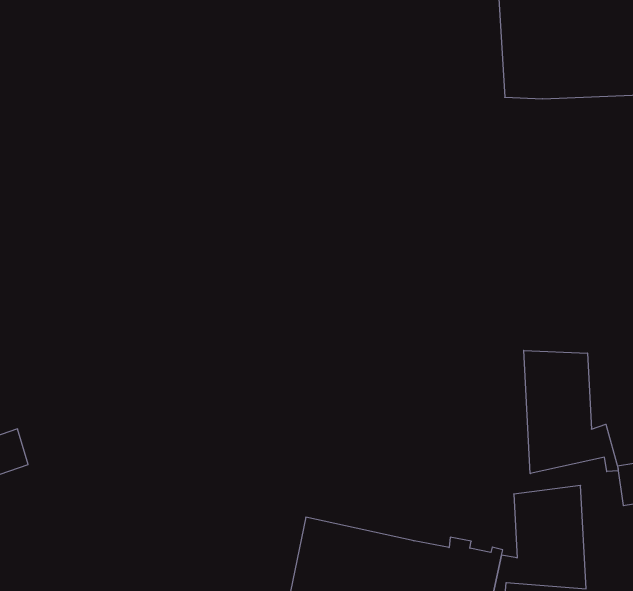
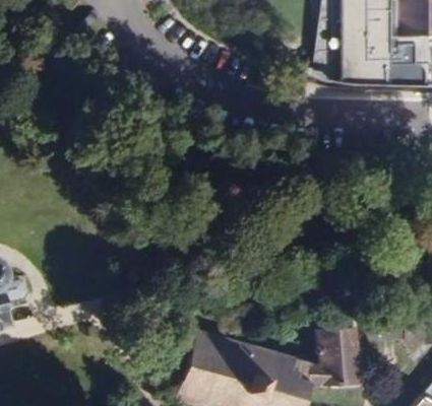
building: [524,350,618,474] -> none

